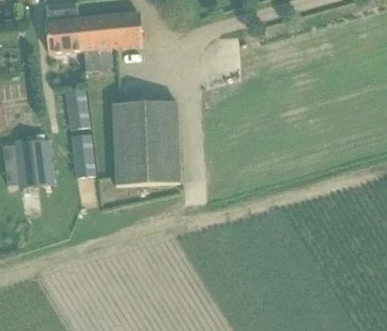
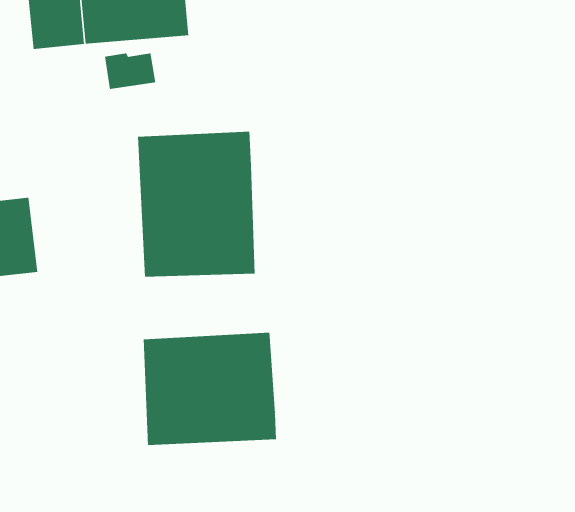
building: [64,88,88,129] -> none
building: [70,134,94,177] -> none
building: none -> [143,332,276,446]

